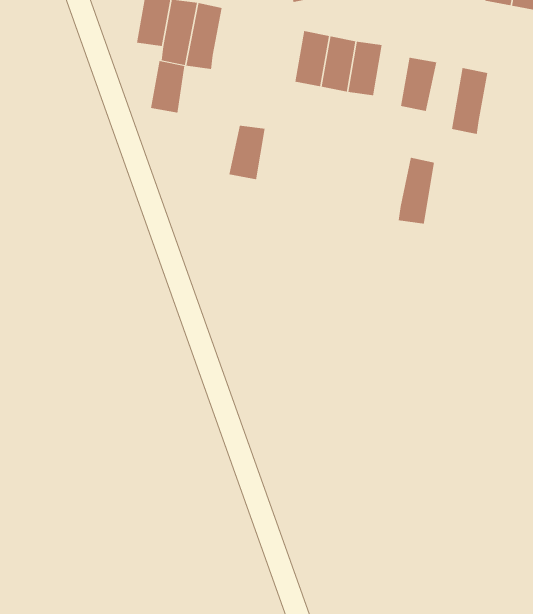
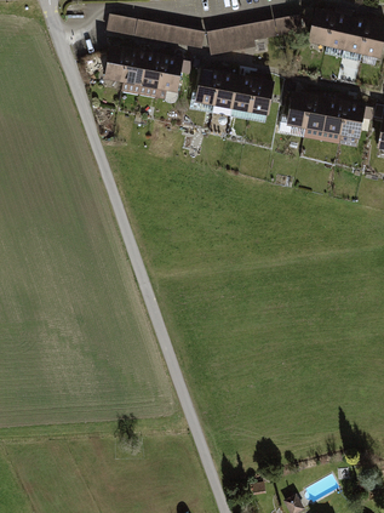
building: [150,61,185,113] -> [157,55,182,91]
building: none -> [340,99,365,136]
building: [229,125,266,180] -> [194,68,219,106]
building: [398,157,435,224] -> [303,92,328,138]

